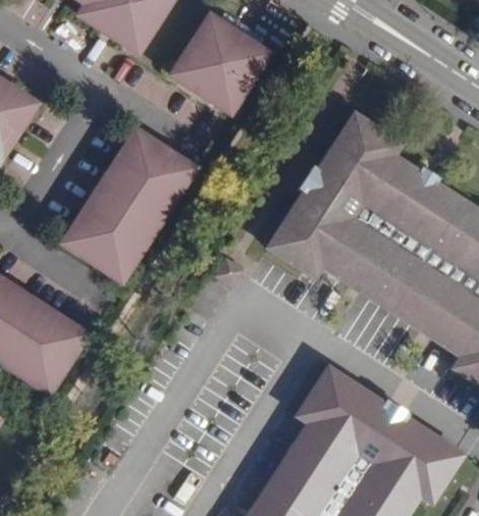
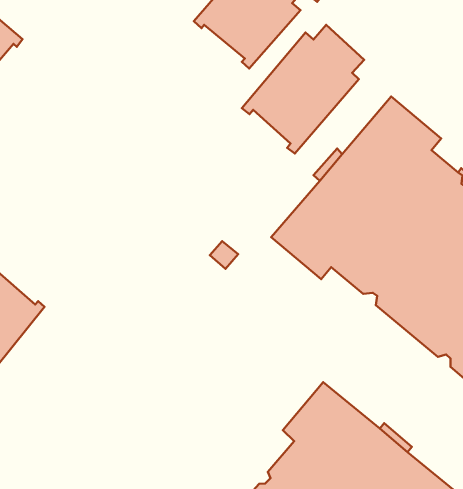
building: none -> [242,25,364,154]
building: [64,132,191,277] -> none

